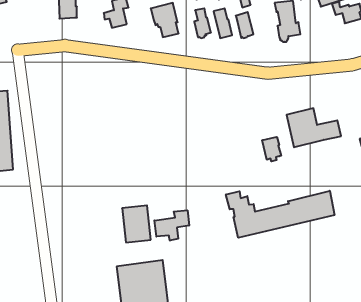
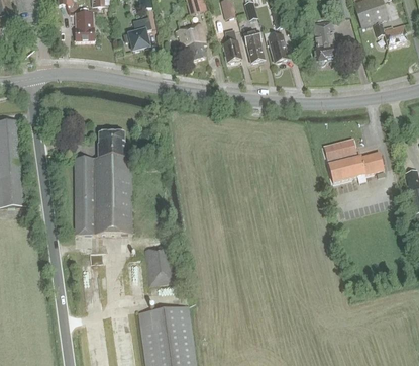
building: none -> [74,131,131,234]
building: [262,137,281,161] -> none
building: [226,191,334,238] -> none
building: [154,210,189,241] -> none

